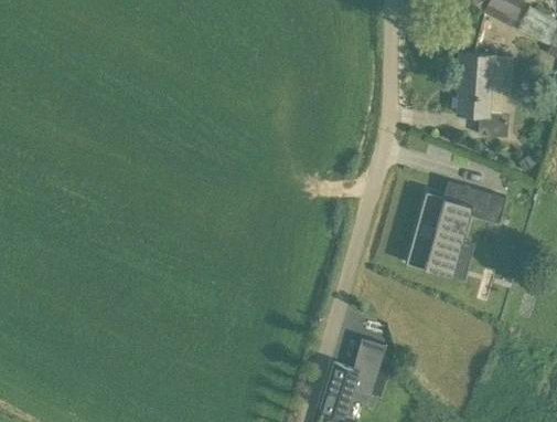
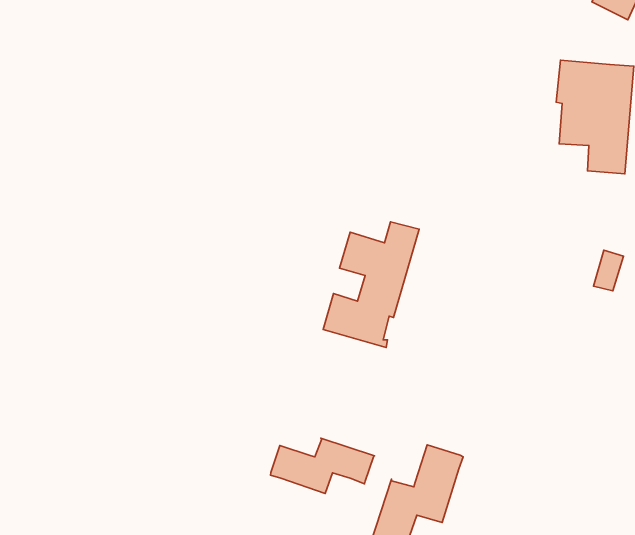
building: [406,183,476,276] -> [323,222,419,347]
building: none -> [270,438,374,493]

